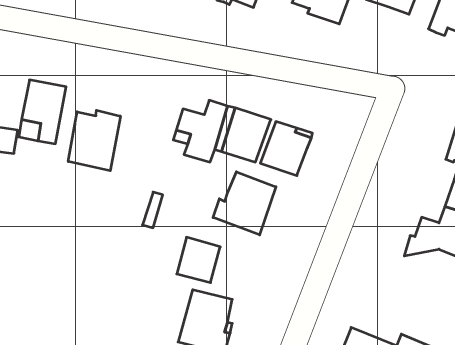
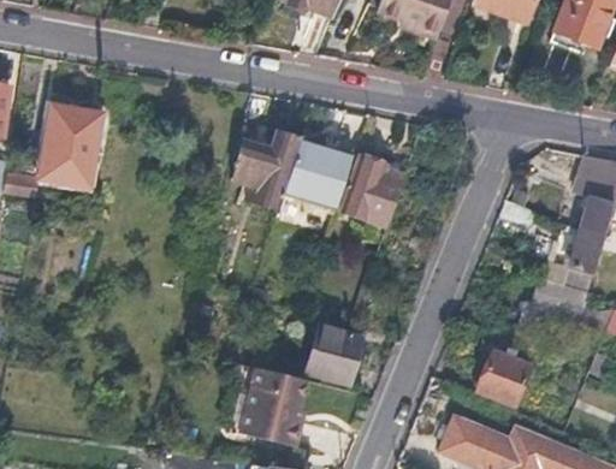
building: [68,110,120,171] -> none
building: [213,172,276,235] -> none
building: [177,237,220,283] -> [307,326,361,382]
building: none -> [479,349,531,402]

